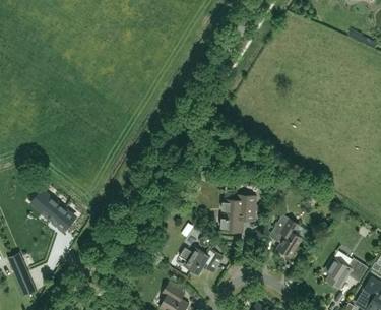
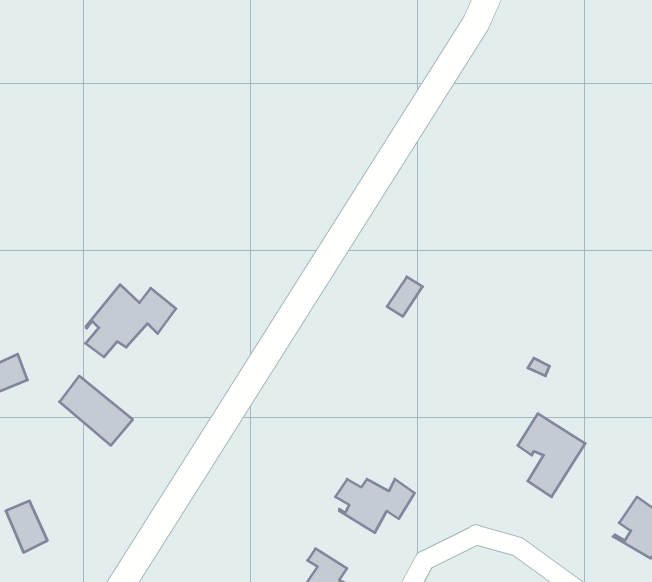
building: none -> [85,285,176,357]
building: [220,195,256,232] -> none

